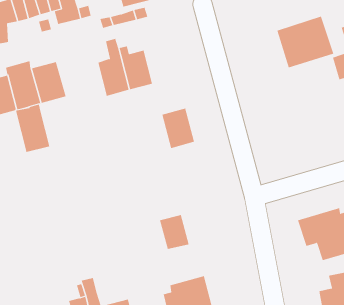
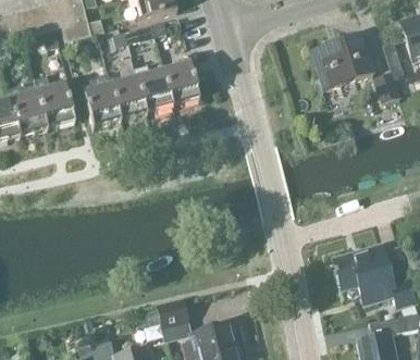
building: [15,104,50,152] -> [81,73,120,127]
building: [162,108,195,149] -> [162,61,199,107]
building: [159,214,189,249] -> [157,298,190,337]

